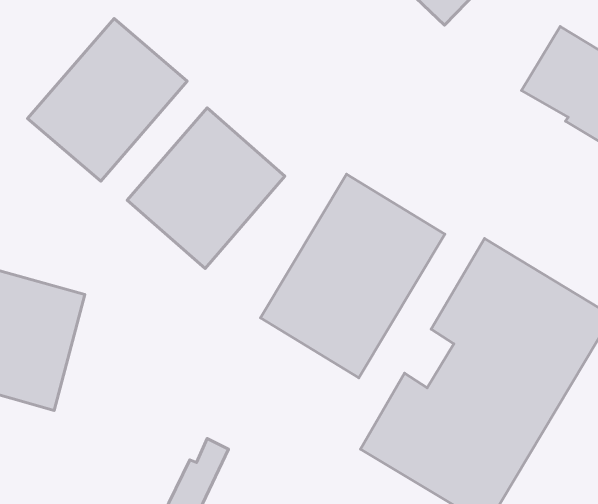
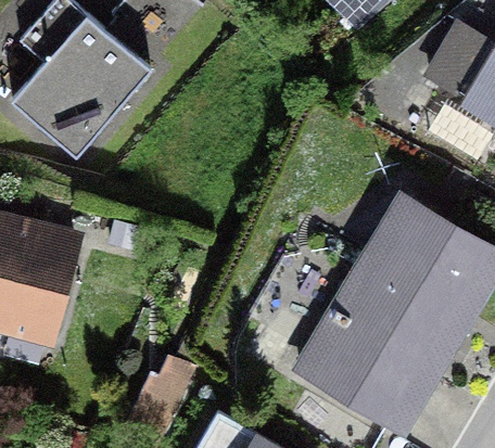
building: [127,108,285,269] -> none
building: [261,174,445,378] -> none

